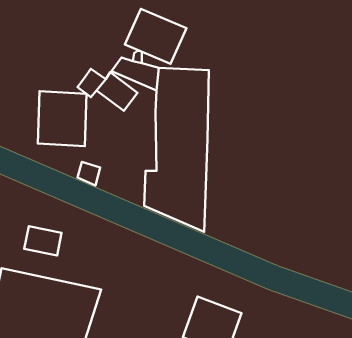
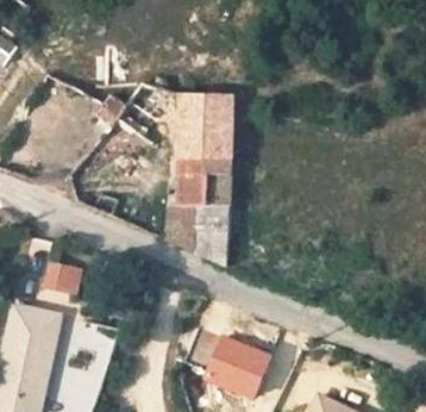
building: [125,9,187,64] -> none
building: [38,91,87,146] -> none

